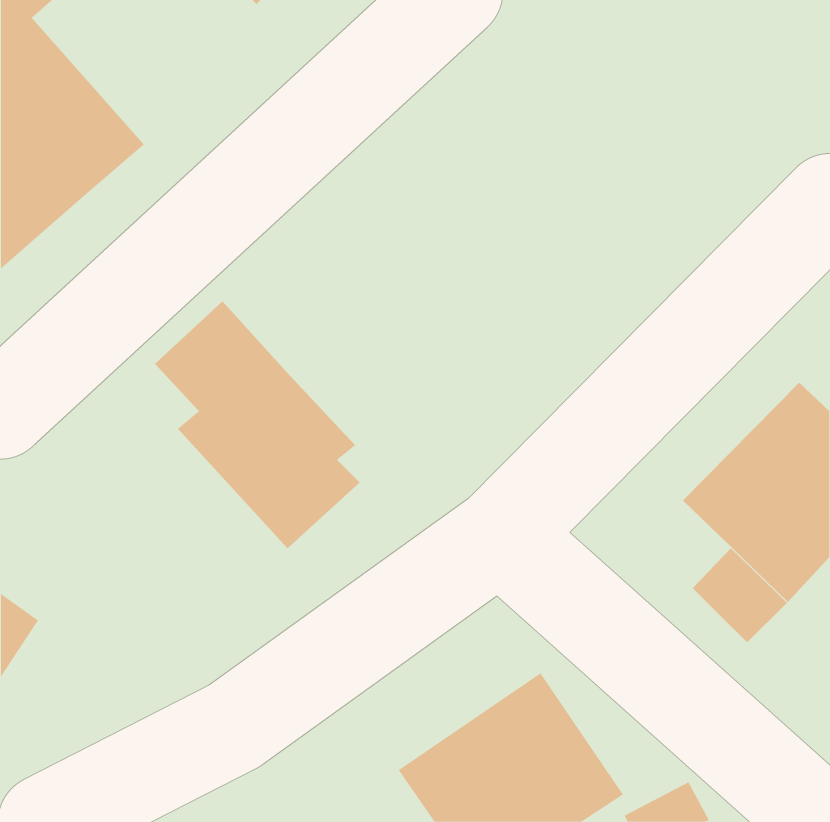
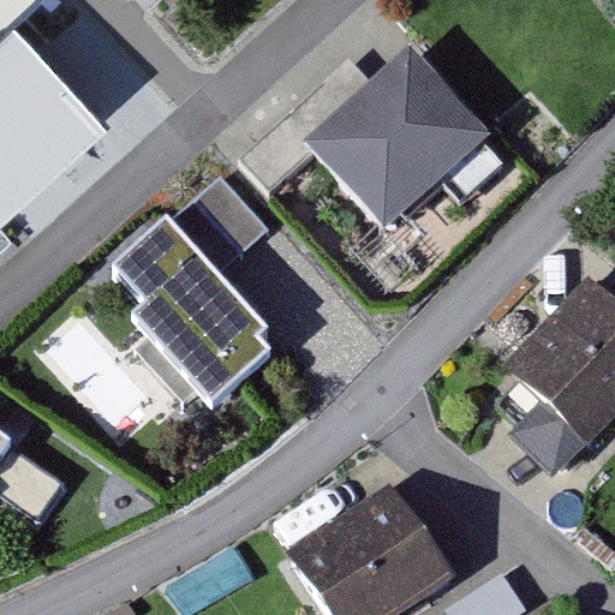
building: none -> [241,49,489,231]
building: none -> [165,174,267,275]

